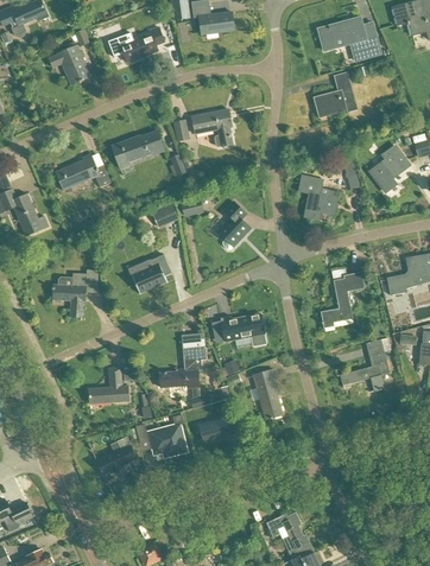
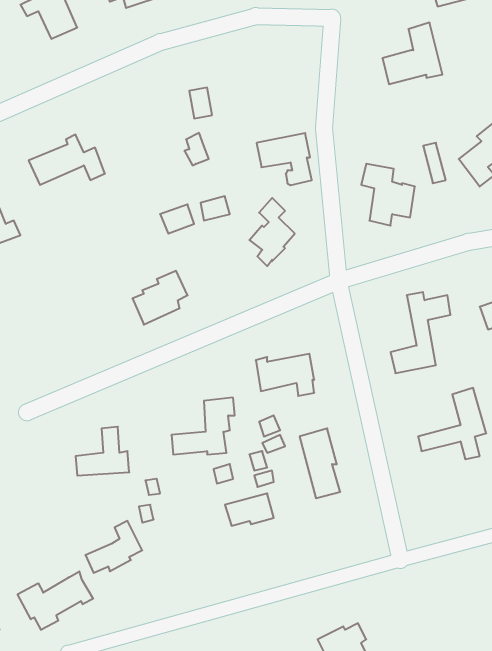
building: [192,108,233,146] -> [257,133,312,185]
building: [110,131,164,168] -> none
building: [52,268,97,316] -> none
building: [148,424,185,454] -> none
building: none -> [18,571,93,630]

